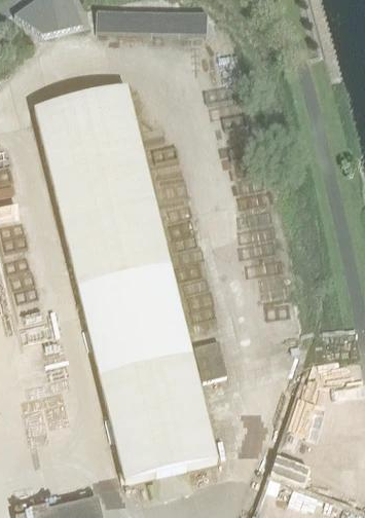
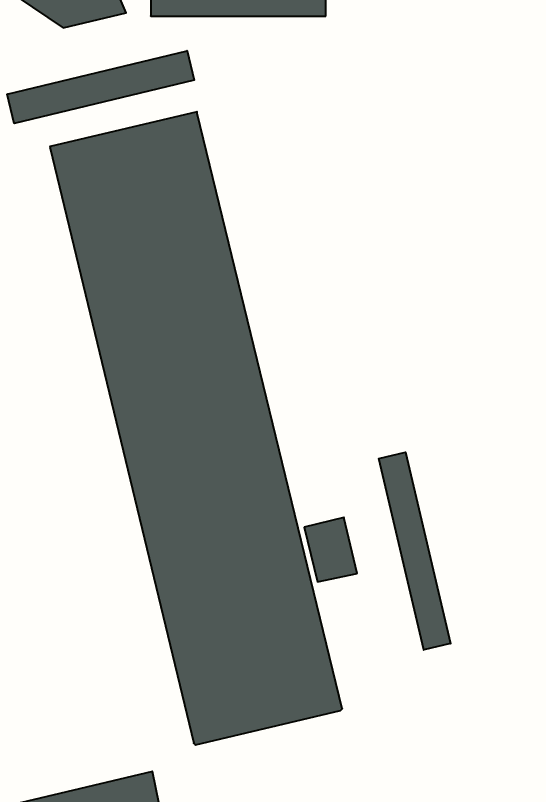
building: none -> [7,51,194,123]
building: none -> [379,452,451,650]

